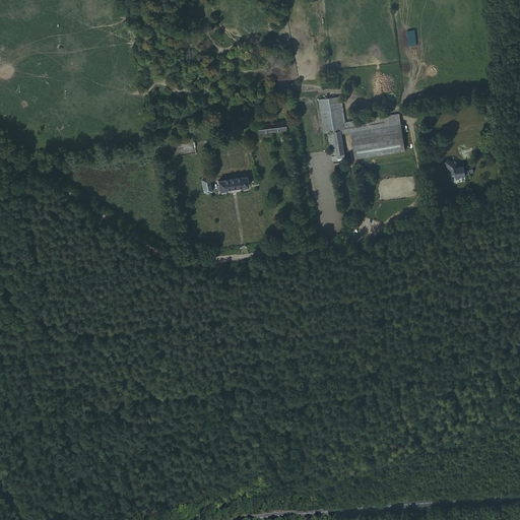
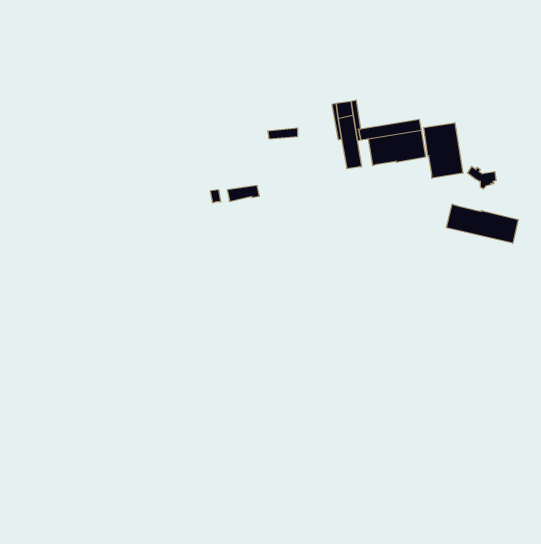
building: none -> [424,123,463,178]
building: none -> [447,204,518,243]

